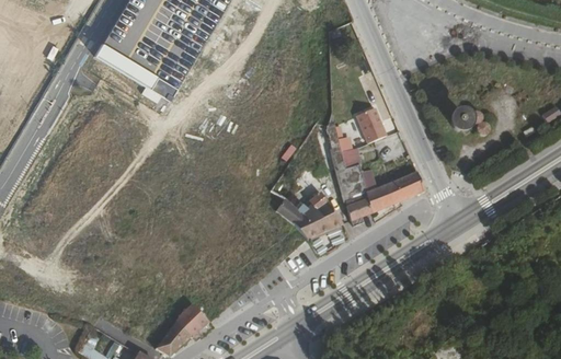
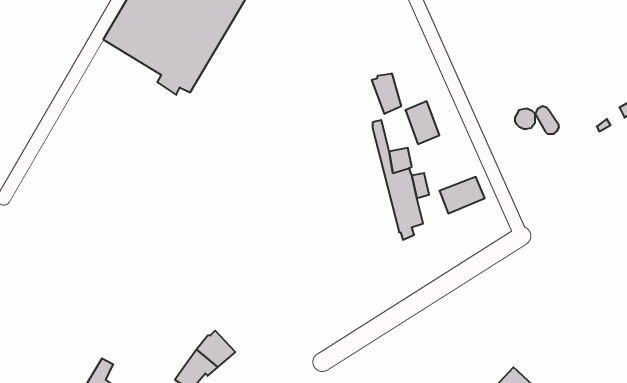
building: none -> [372,73,401,114]
building: [367,185,394,213] -> none
building: [277,194,345,240] -> none

